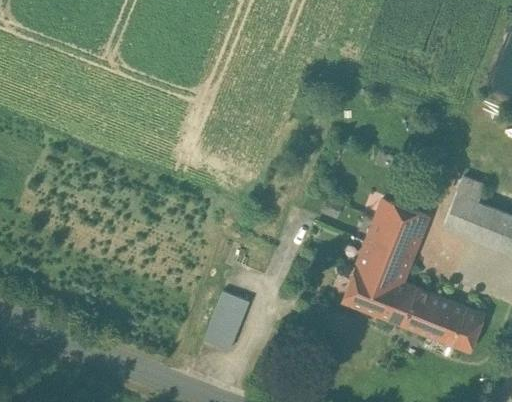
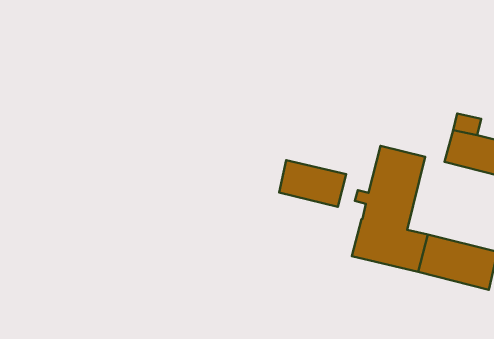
building: none -> [279,160,346,207]
building: [204,293,249,352] -> none

